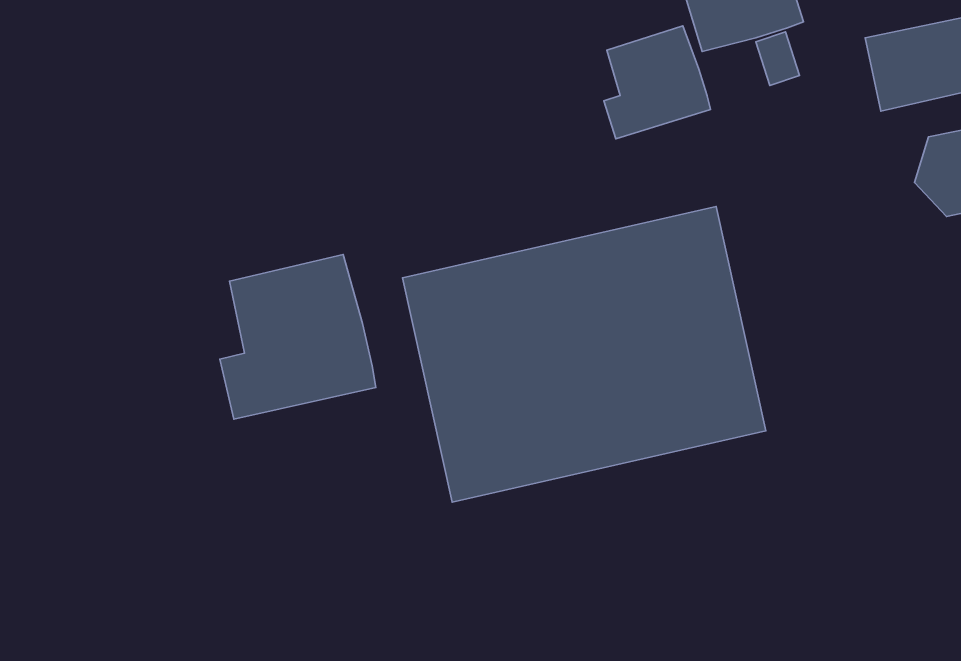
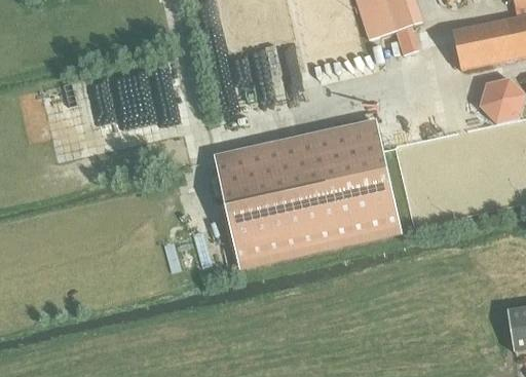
building: [604,26,711,139] -> none
building: [220,254,376,419] -> none

